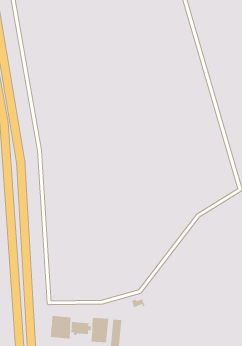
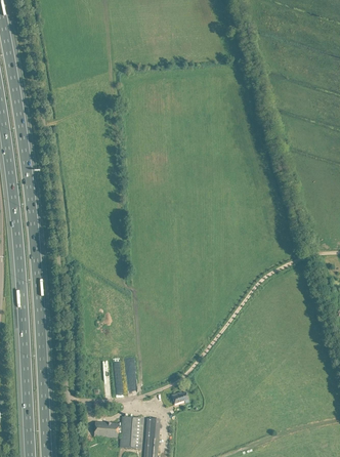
building: [50,315,71,339] -> none

